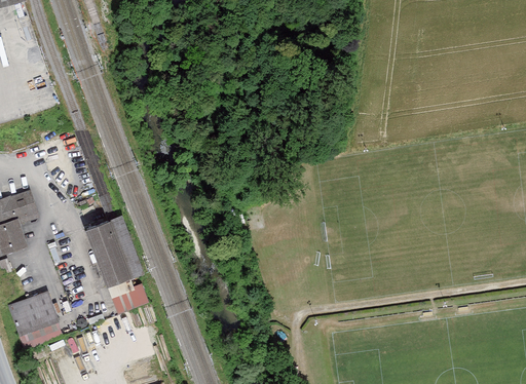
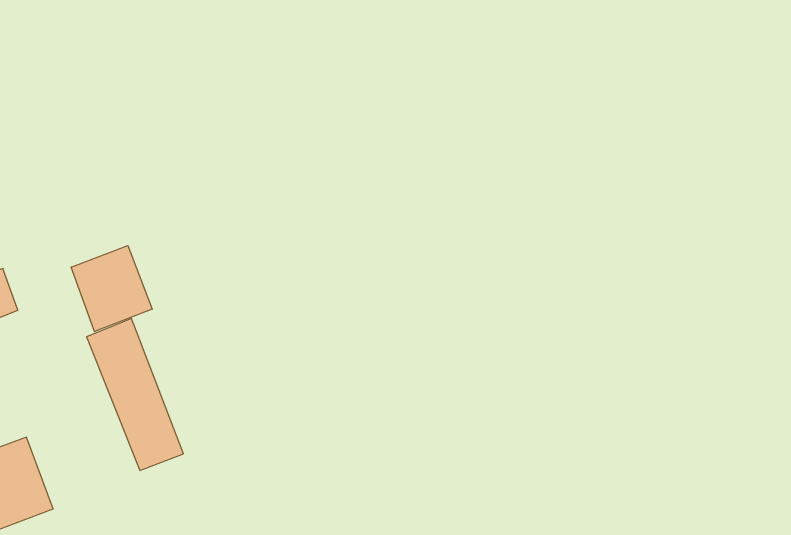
building: none -> [71,246,152,332]

